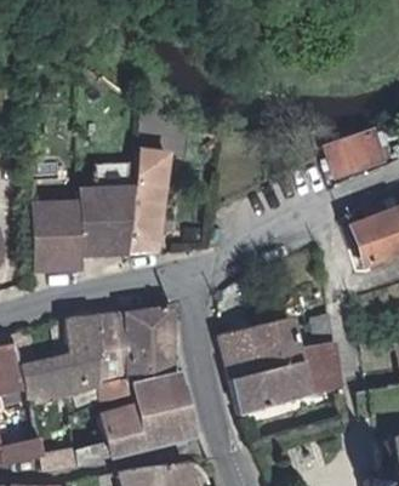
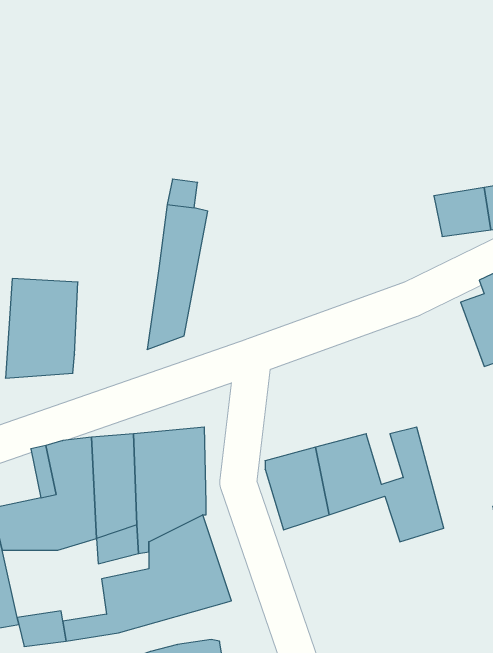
building: [79,191,139,257] -> none
building: [229,359,313,413] -> none

